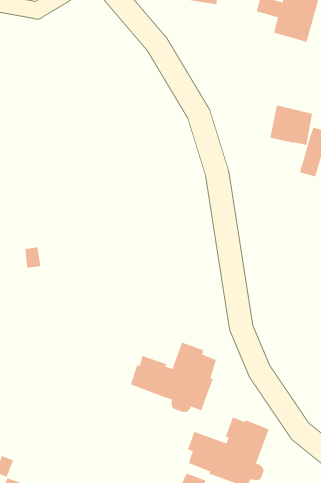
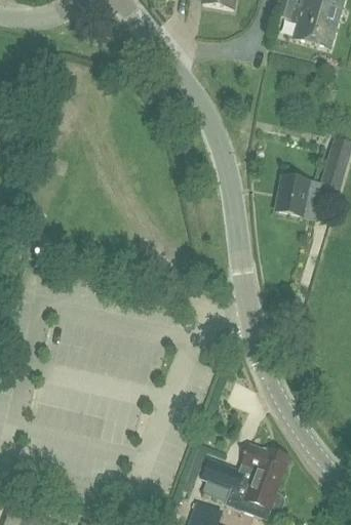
building: [269,105,313,146] -> [274,174,320,217]
building: [130,342,217,413] -> none

